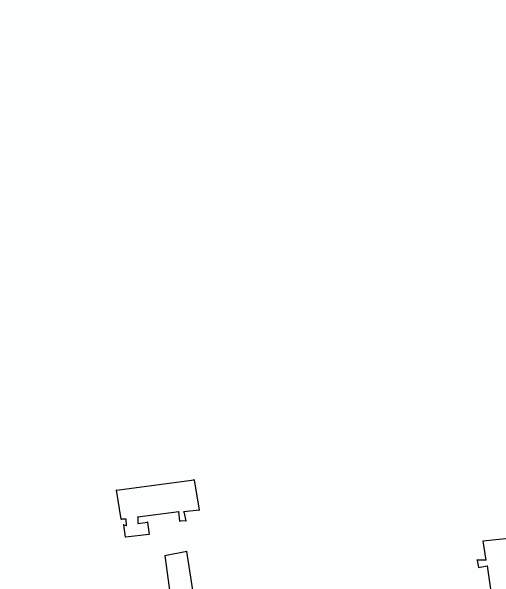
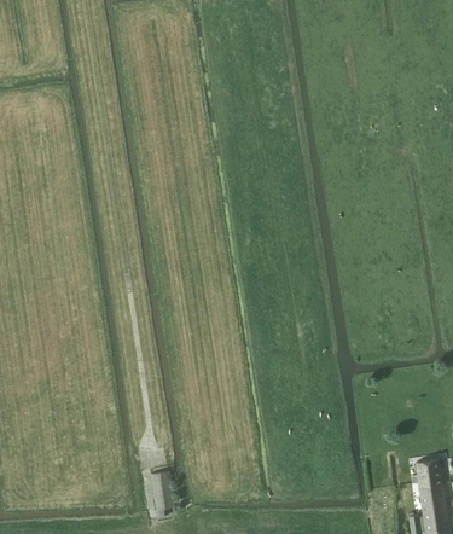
building: [117,480,199,537] -> none

